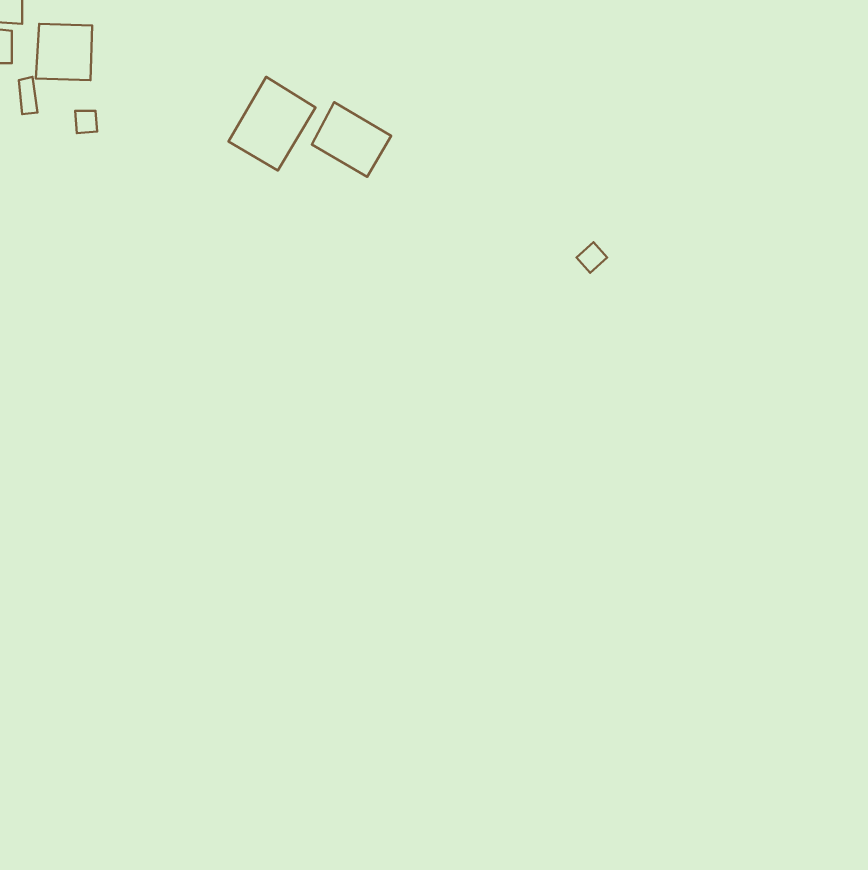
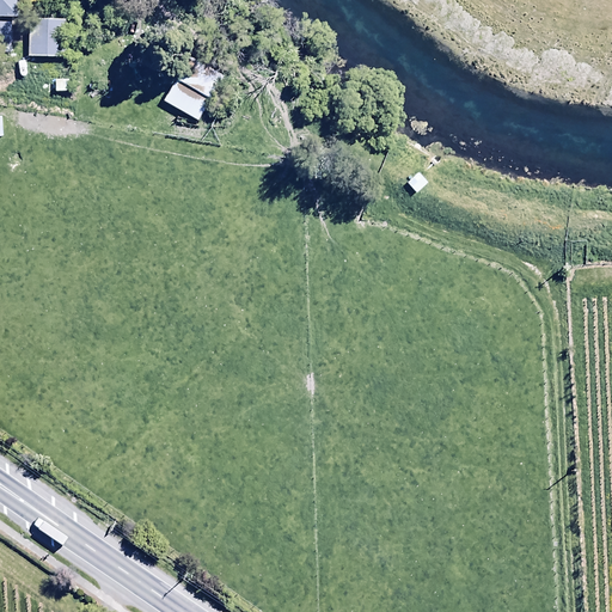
building: [312,102,391,177] -> none

